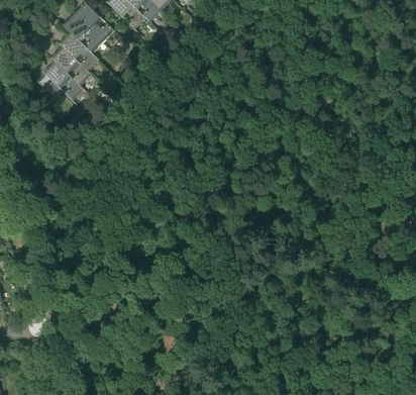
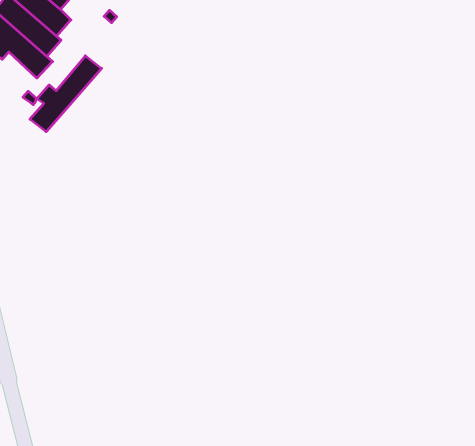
building: none -> [30,56,102,132]

